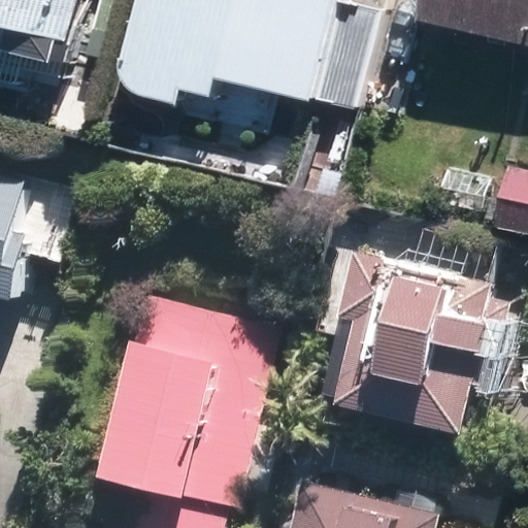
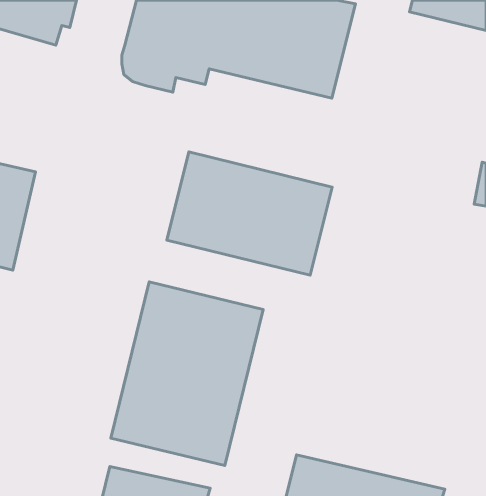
building: none -> [167,152,332,275]
building: [345,256,506,418] -> none

